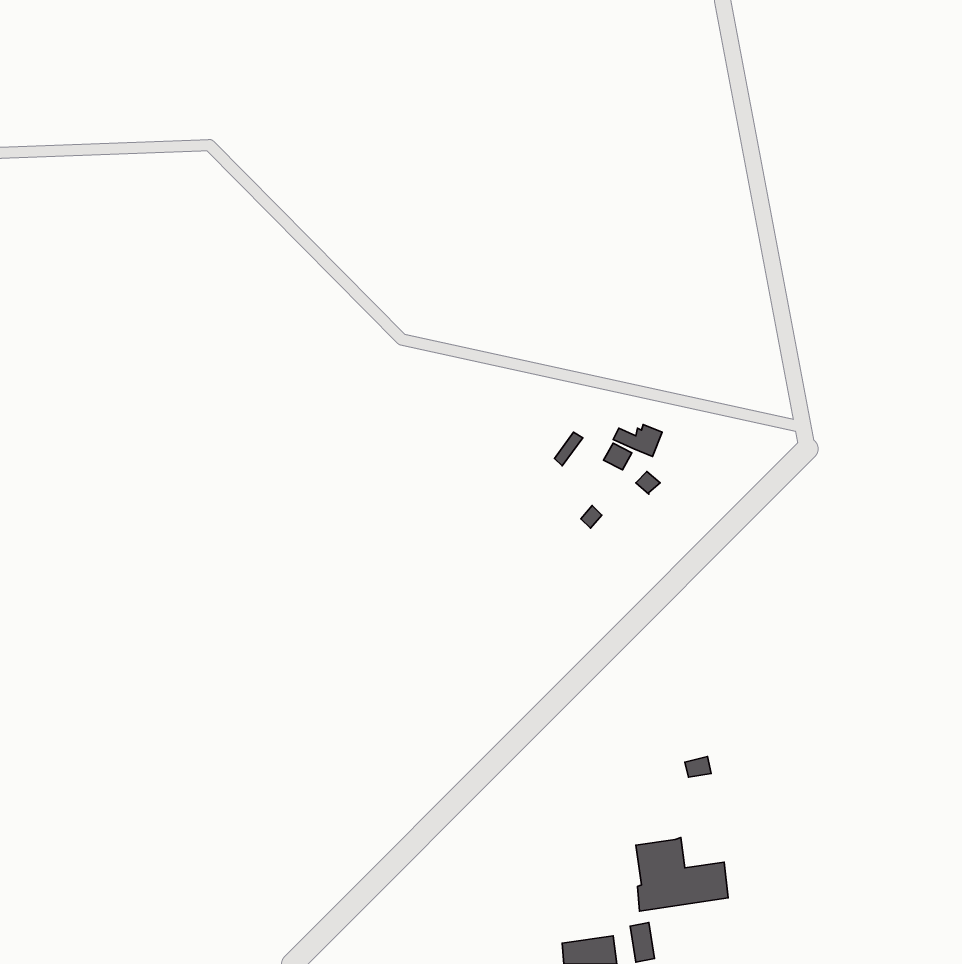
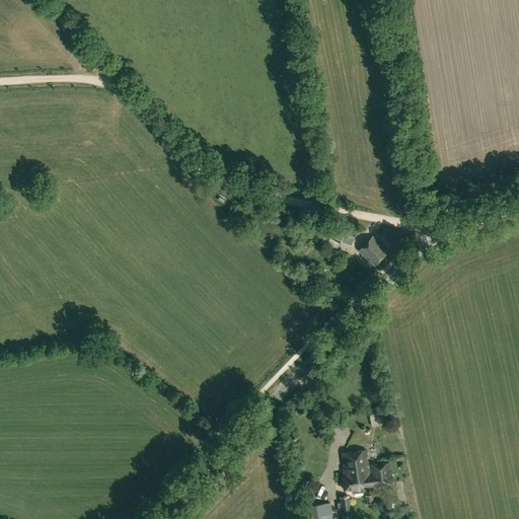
building: none -> [360,236,388,265]

